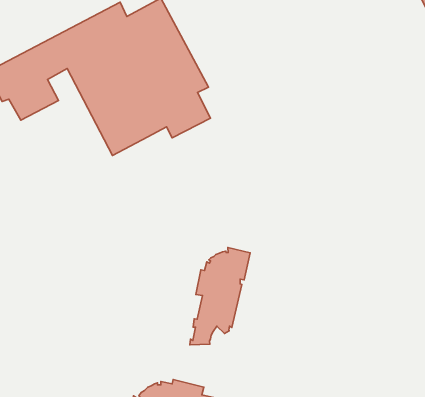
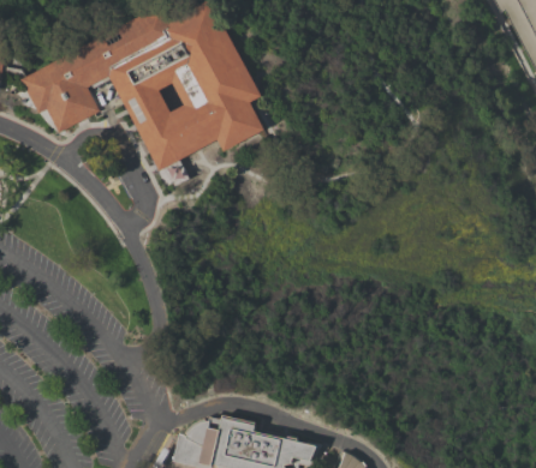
building: [190,247,250,345] -> none

